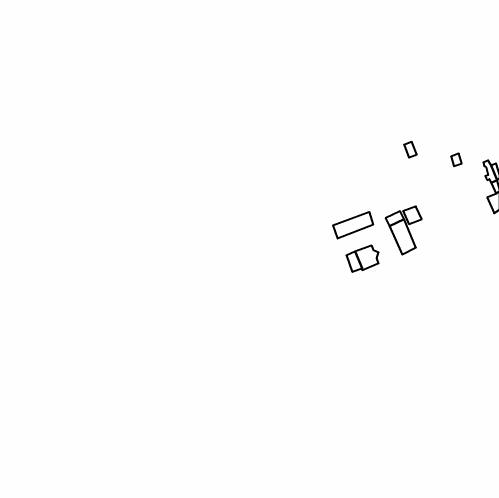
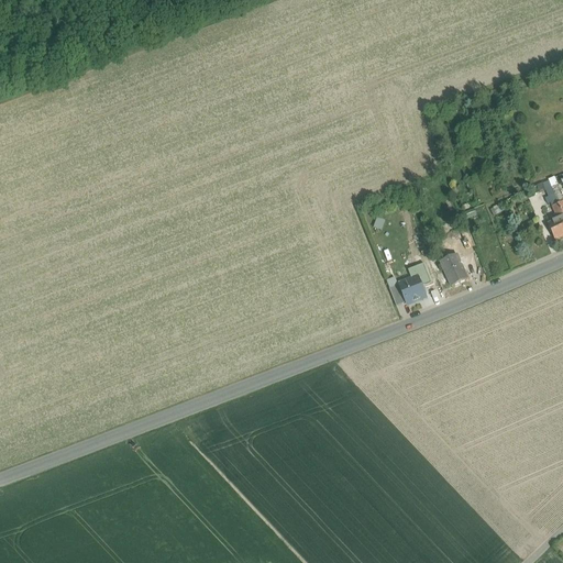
building: [333,212,373,239] -> none

